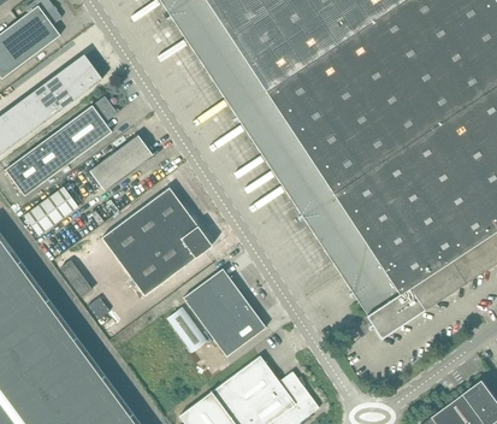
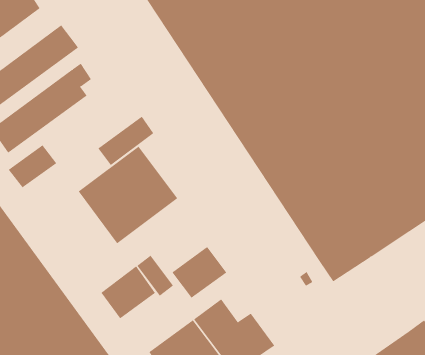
building: [89,135,152,190] -> [97,116,154,166]
building: [183,267,244,326] -> [100,266,156,319]

